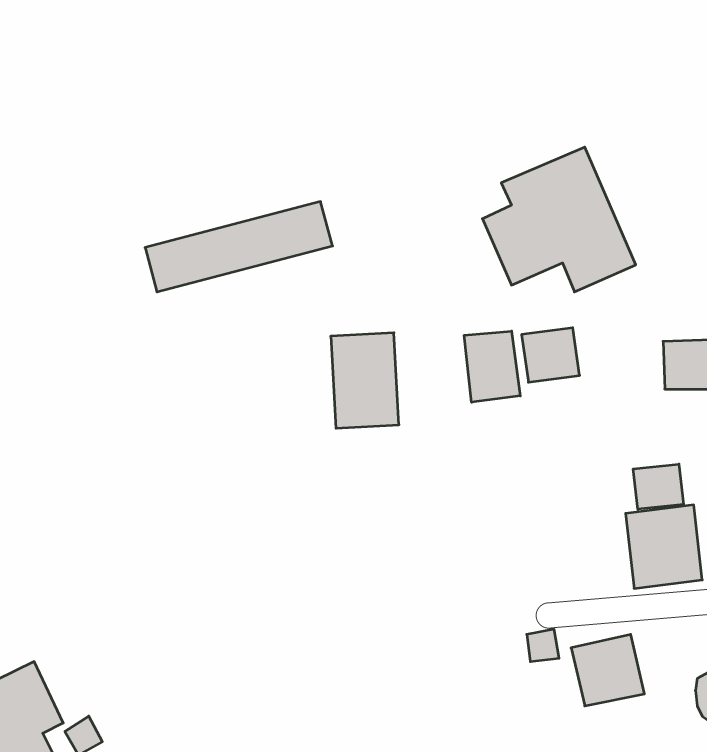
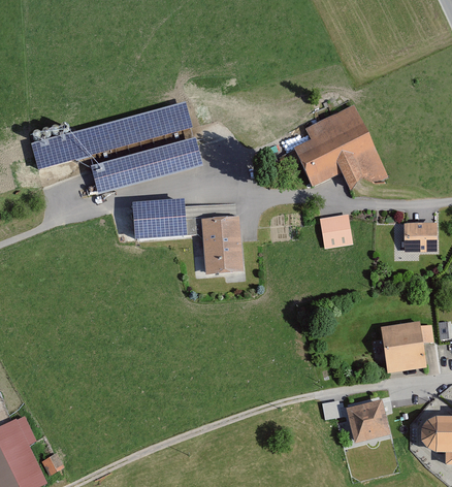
building: none -> [32,102,191,169]
building: none -> [134,199,188,238]
building: [464,331,520,402] -> none
building: [633,464,684,509] -> none

